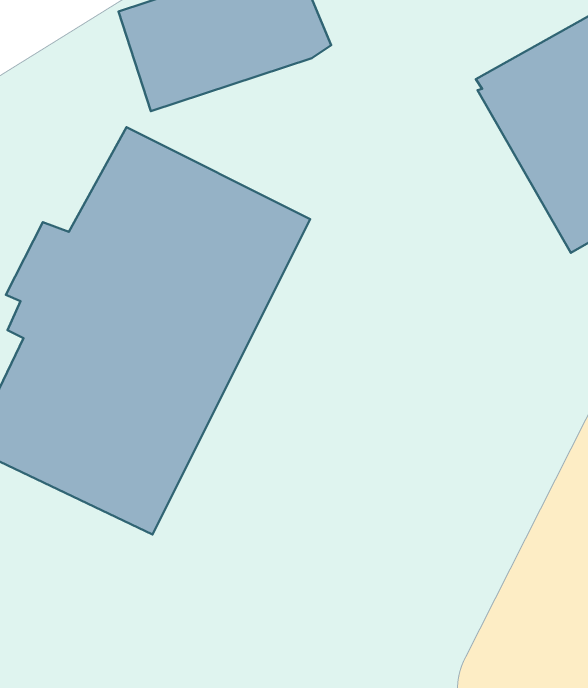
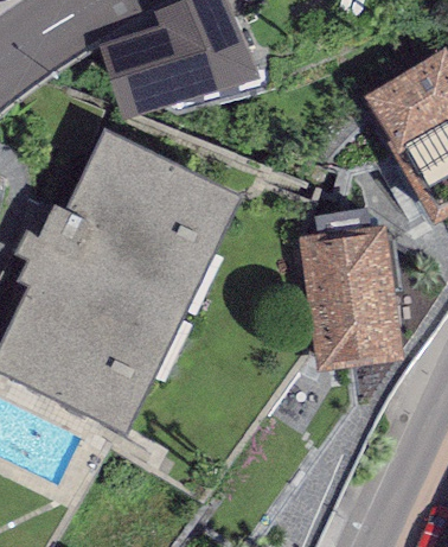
building: none -> [300,227,401,367]

